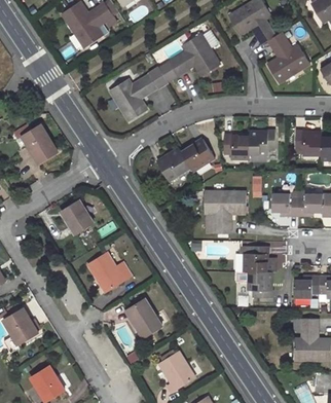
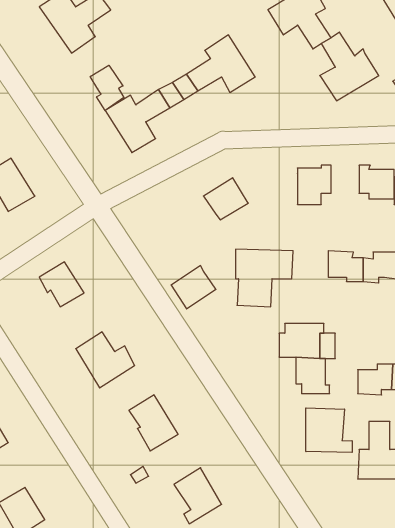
building: none -> [90,65,124,111]
building: [224,134,250,158] -> none
building: [157,148,190,180] -> [171,266,216,309]
building: none -> [306,408,352,452]

